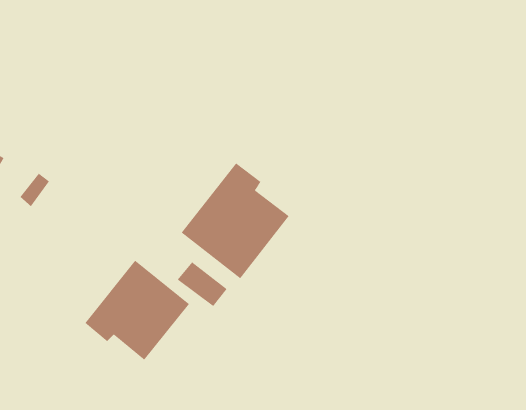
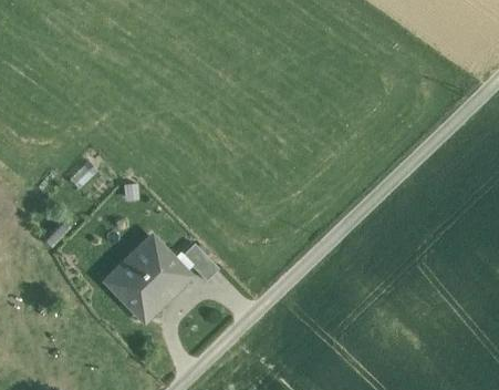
building: [181,163,290,279] -> none

